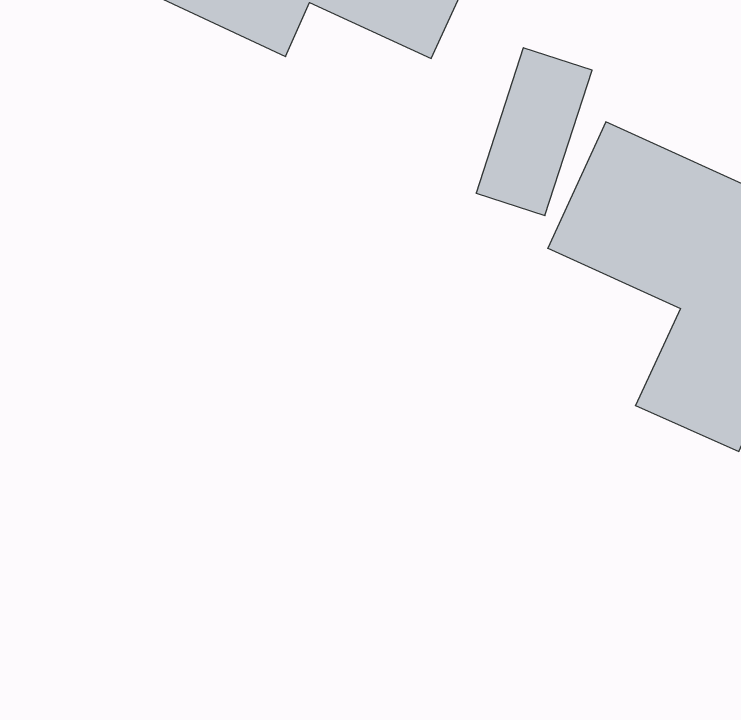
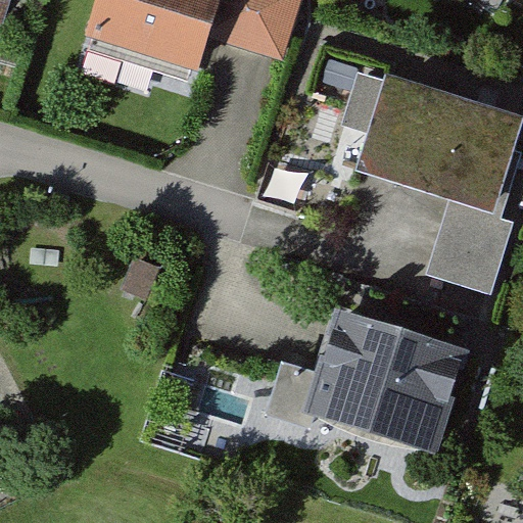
building: none -> [306,305,464,451]

